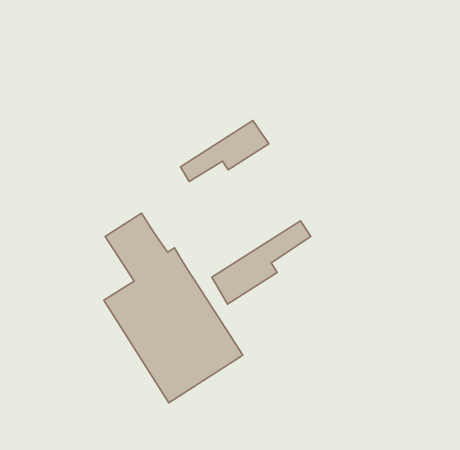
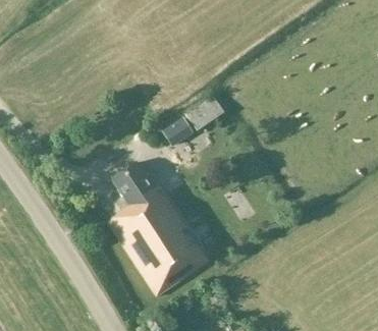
building: [212,221,311,304] -> none

